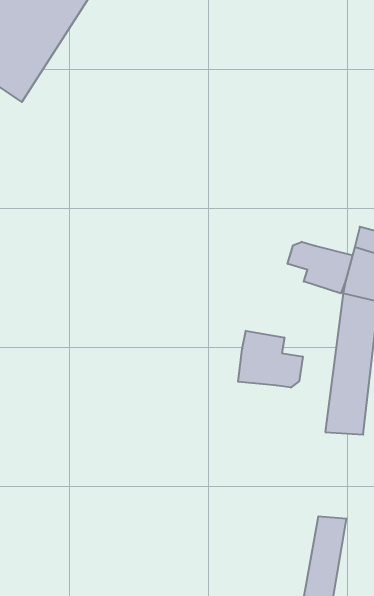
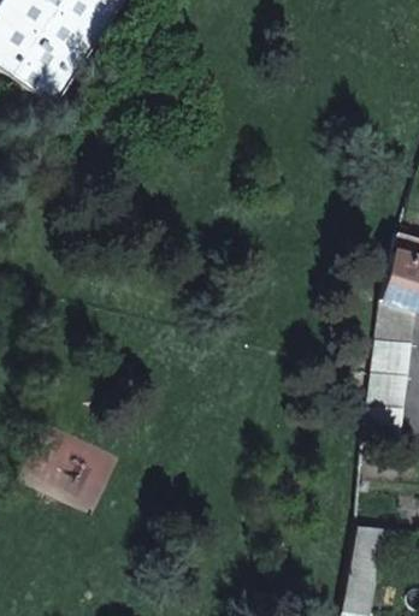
building: [288,242,353,293] -> none
building: [238,331,303,388] -> none

